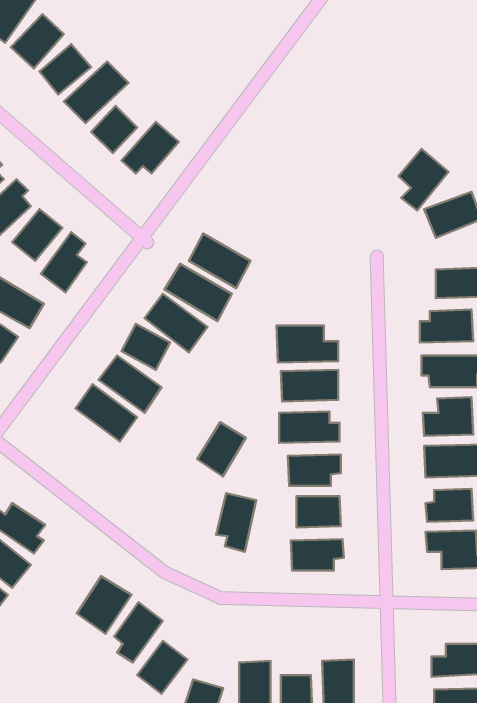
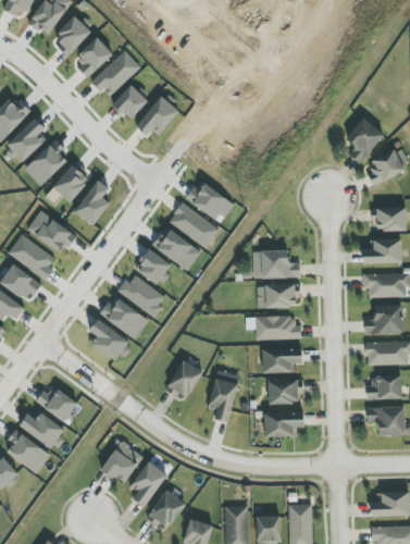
building: none -> [88,318,131,362]
building: [197,422,246,477] -> [165,359,202,400]

